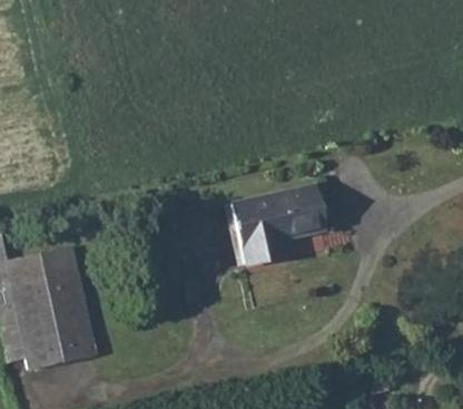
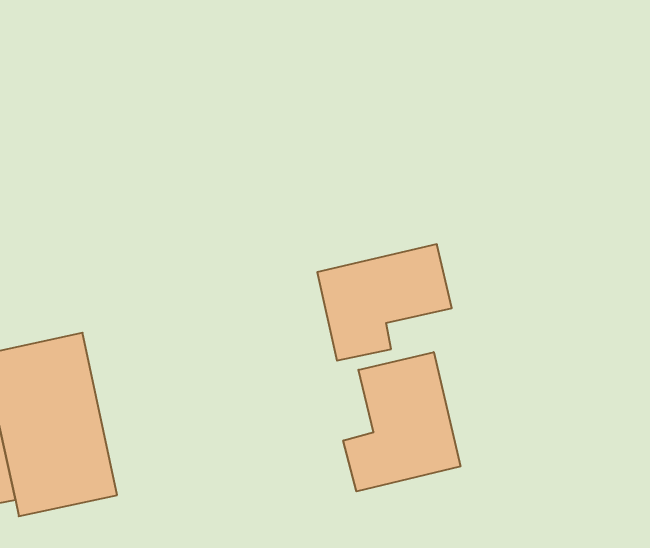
building: none -> [343,352,460,491]

